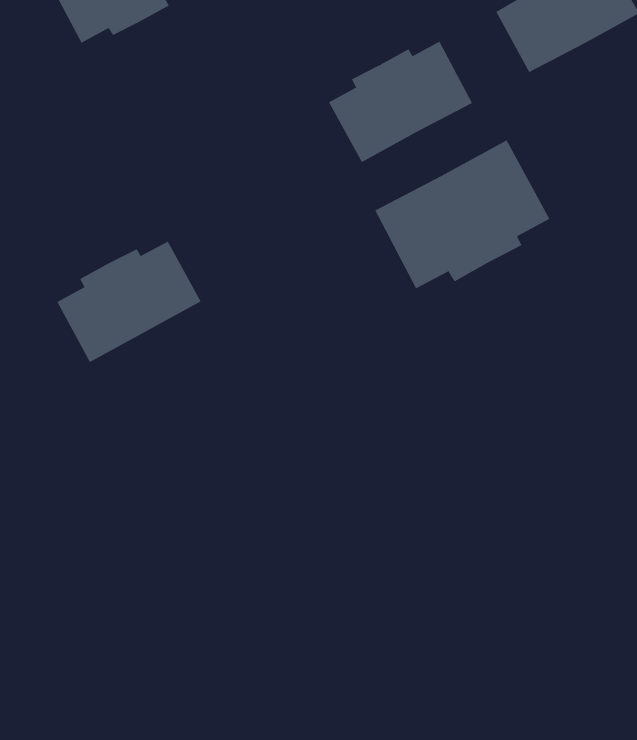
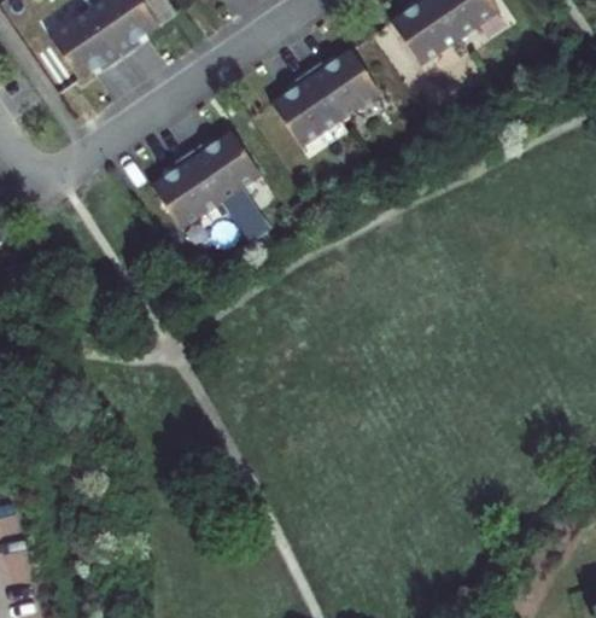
building: [375,139,550,289] -> none
building: [56,241,201,363] -> [152,129,262,228]

